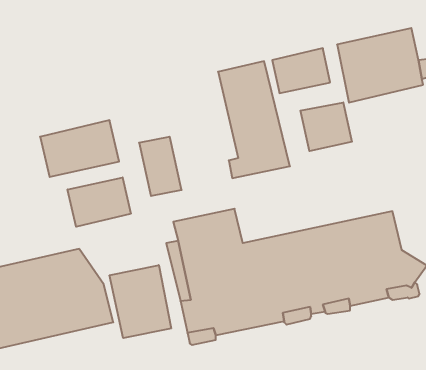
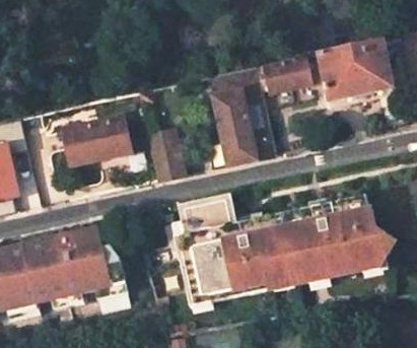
building: [300,102,352,151] -> none
building: [68,177,131,227] -> none
building: [110,265,171,338] -> none

